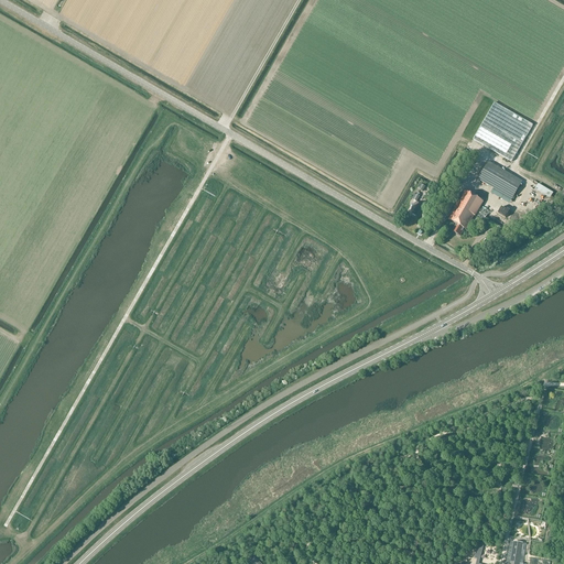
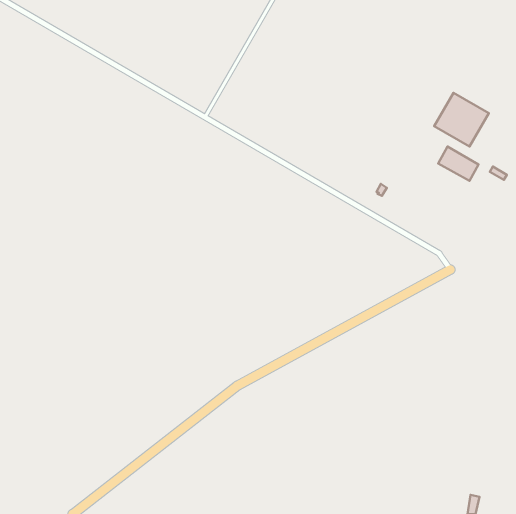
building: [448,188,482,235] -> none

